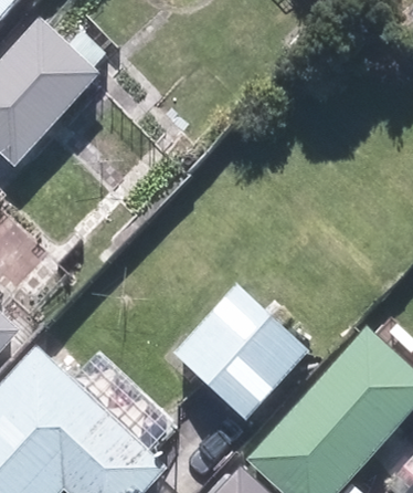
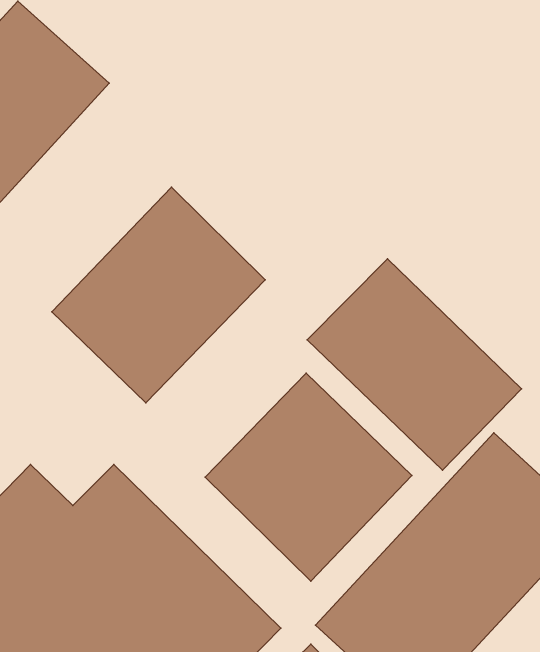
building: none -> [52,187,265,403]
building: none -> [307,259,521,470]

